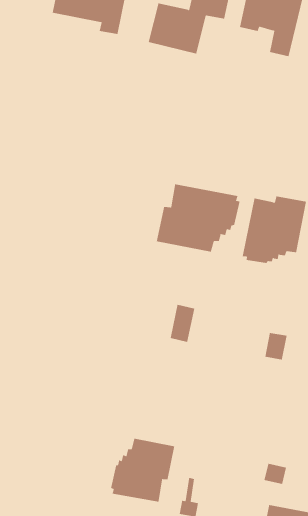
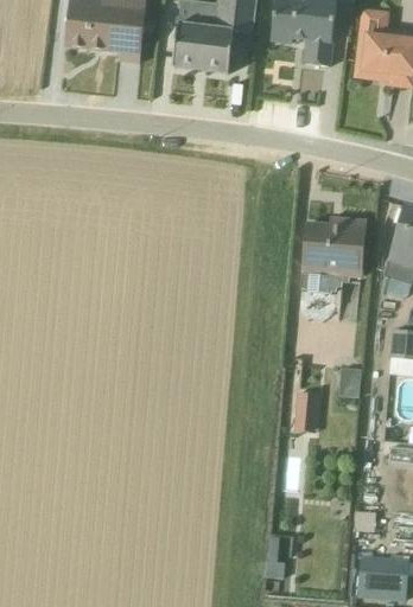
building: [156,183,240,253] -> none
building: [170,304,195,342] -> [294,390,318,430]
building: [111,438,175,502] -> none

